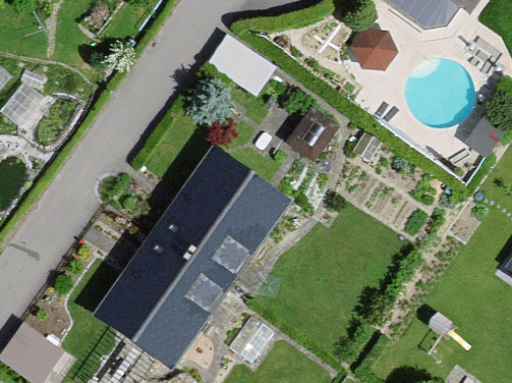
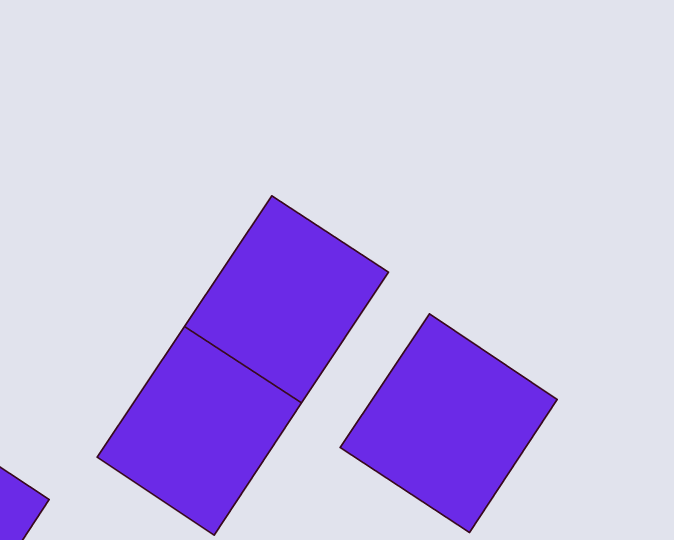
building: none -> [340,314,557,533]

